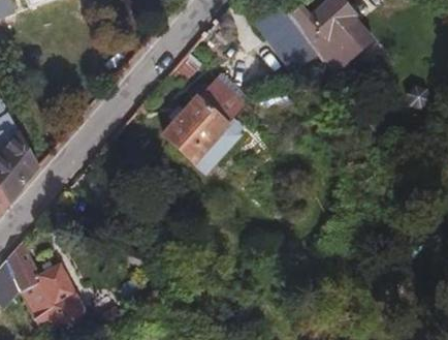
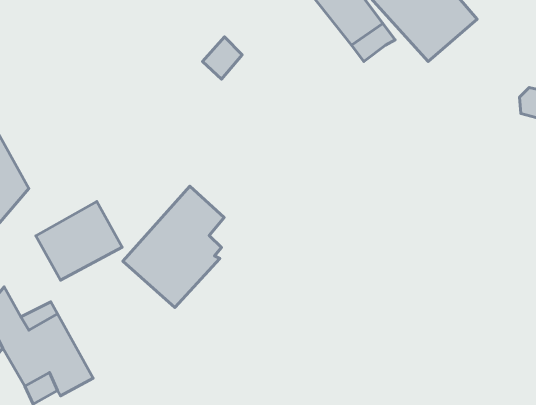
building: [166,80,243,172] -> [123,186,224,308]
building: none -> [36,201,122,280]

